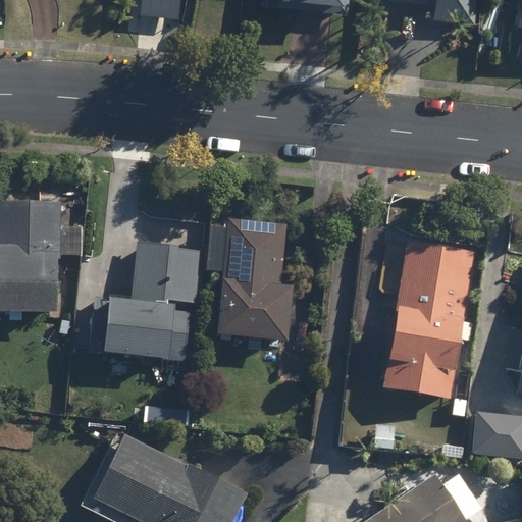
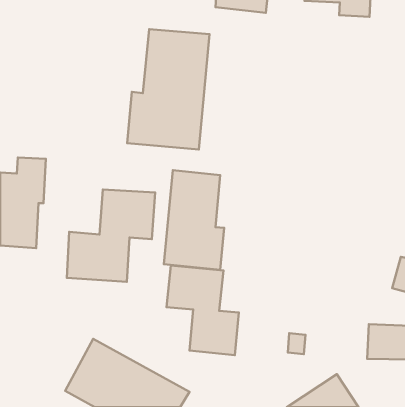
building: none -> [127,29,210,150]
building: [382,237,474,402] -> none
building: none -> [166,265,239,355]

